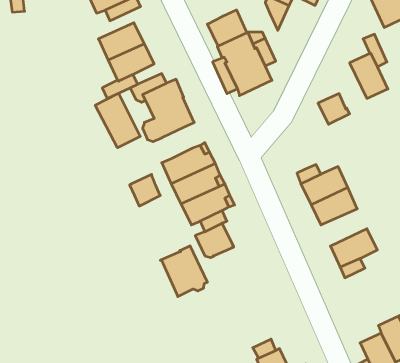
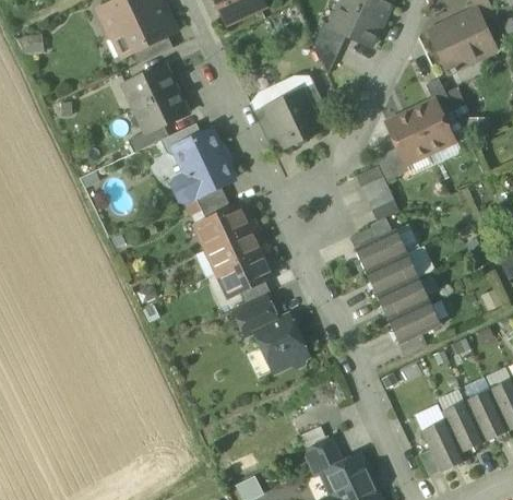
building: [207,10,247,46] -> none
building: none -> [385,111,429,164]
building: [95,93,140,148] -> none
building: none -> [355,166,398,222]
building: [130,174,160,206] -> [195,184,230,221]
building: none -> [377,277,429,320]
building: [160,246,207,297] -> [254,314,308,372]

